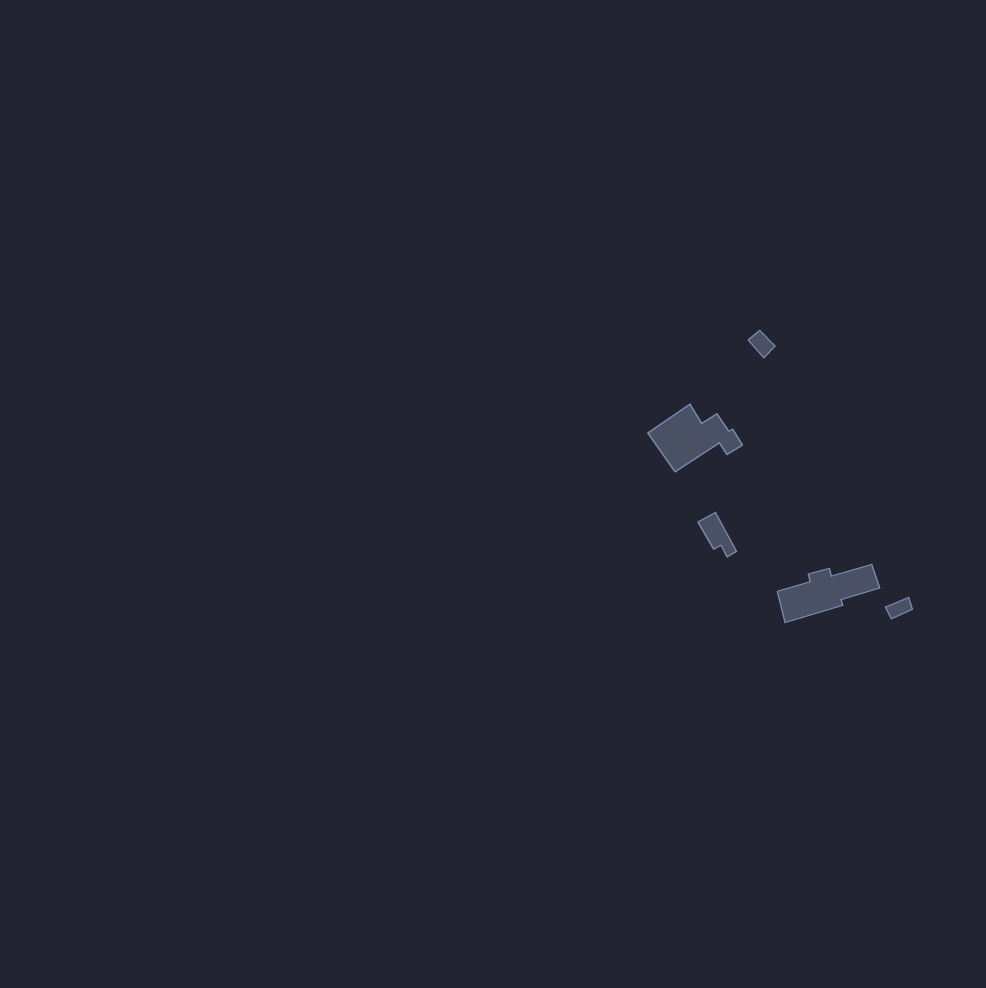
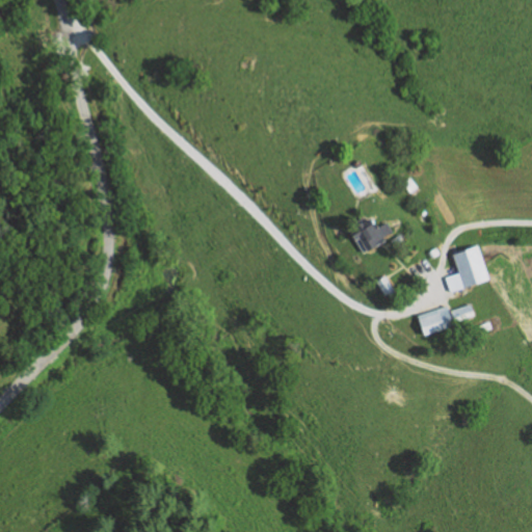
building: none -> [452,245,488,288]

